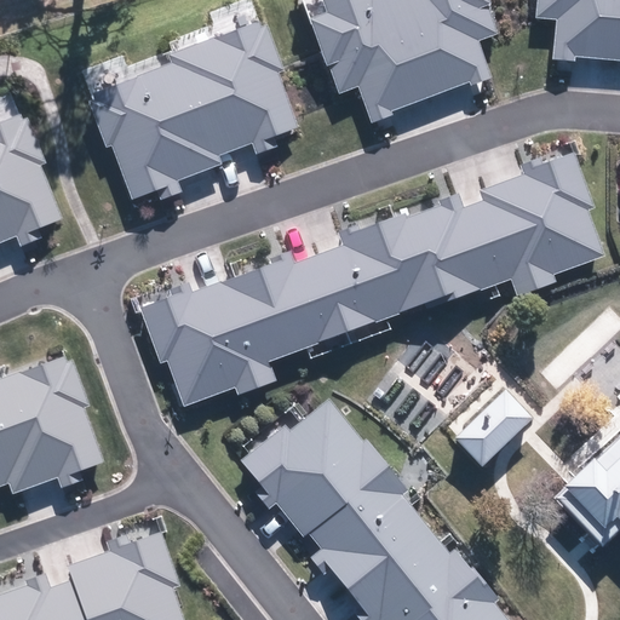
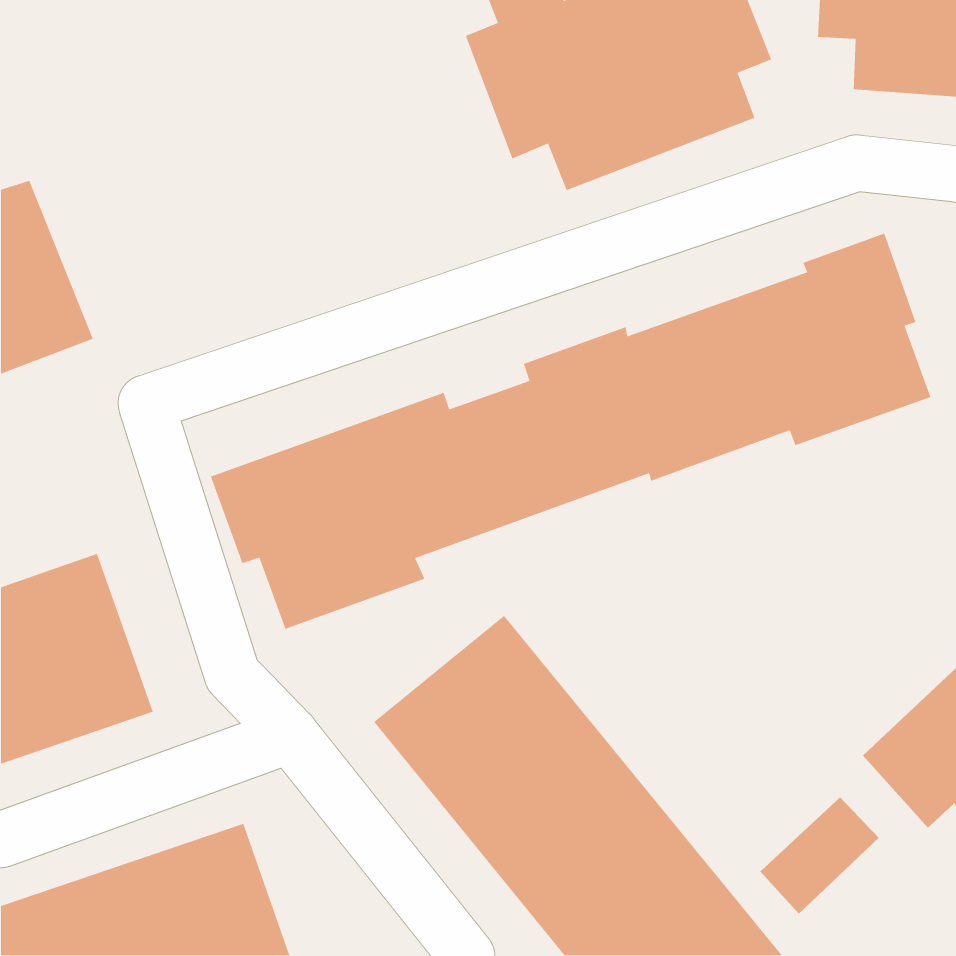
building: [90,22,302,200] -> none
building: [450,392,528,469] -> [760,796,880,915]

